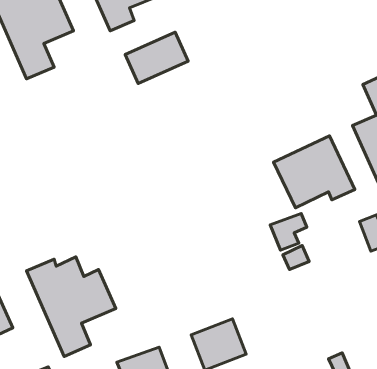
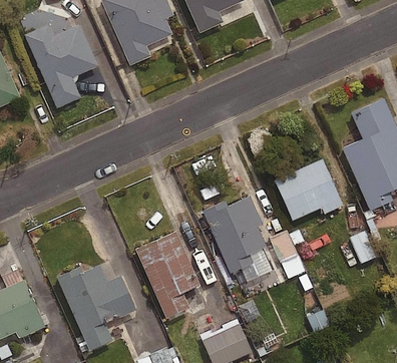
building: [125,32,188,83] -> none
building: none -> [202,197,266,273]
building: none -> [134,231,201,319]

